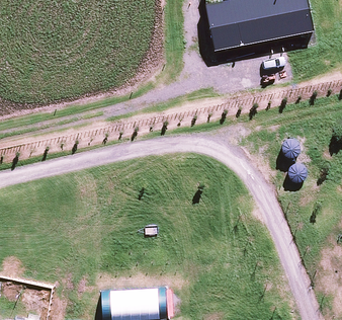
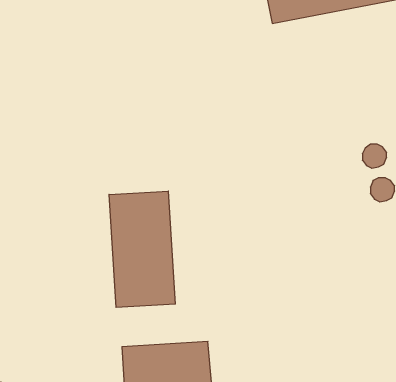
building: none -> [109,191,175,307]

